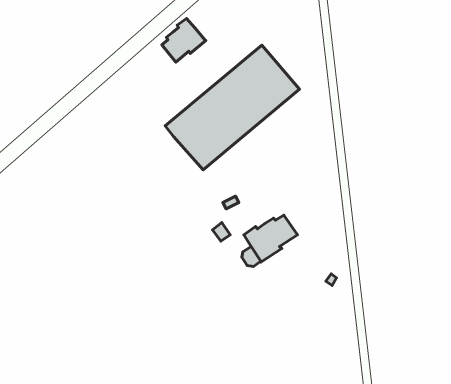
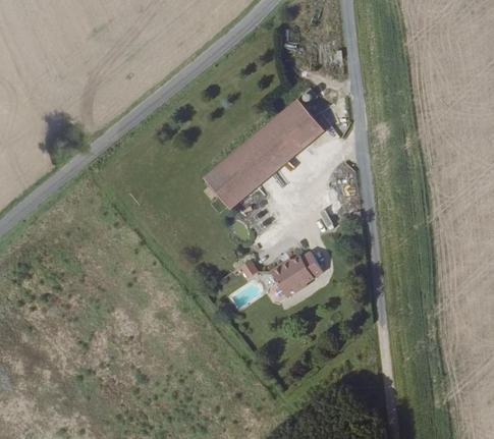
building: [162,18,206,62] -> none

